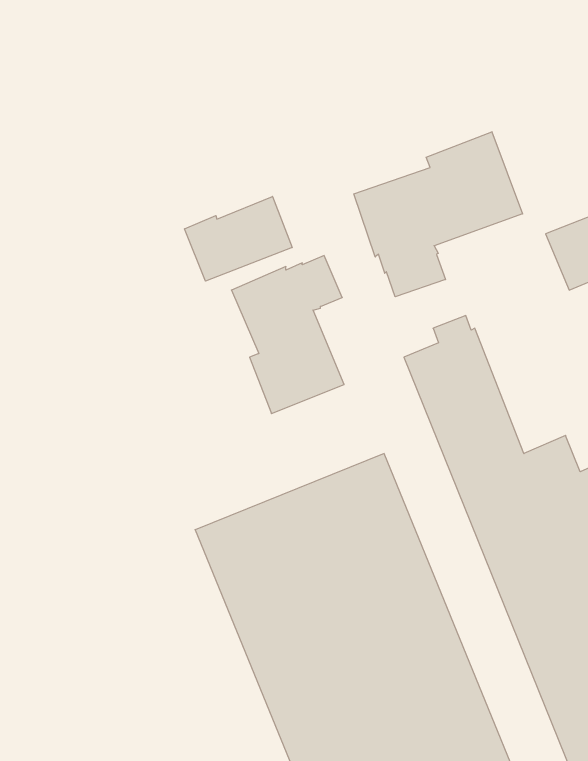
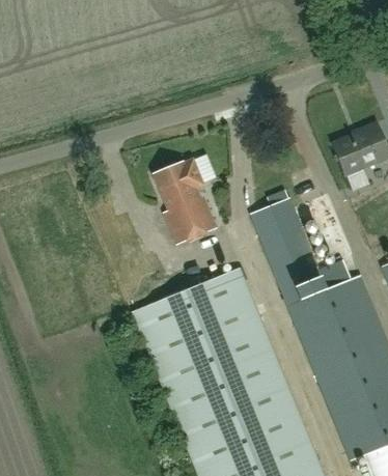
building: [354,132,523,297] -> none
building: [185,196,292,281] -> none

